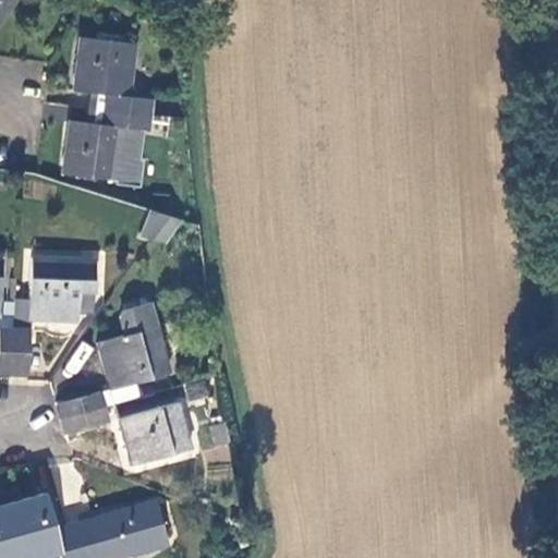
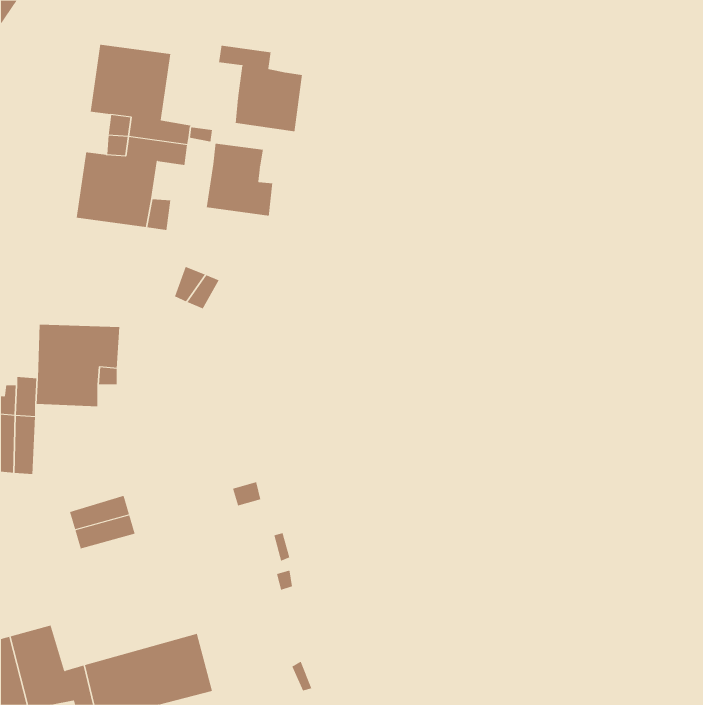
building: none -> [218,45,302,132]
building: none -> [206,143,273,217]
building: [97,301,171,405] -> none
building: [120,402,192,465] -> none

